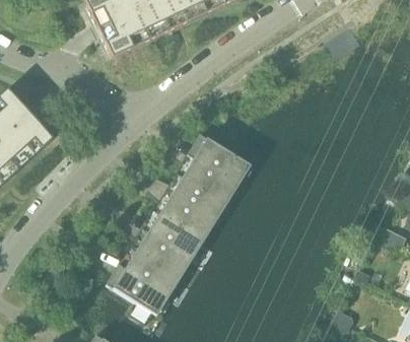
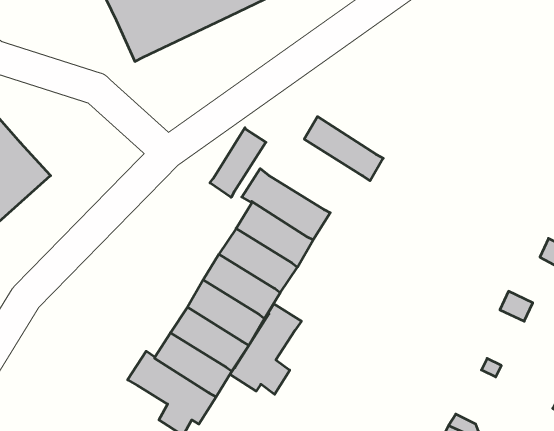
building: none -> [304,117,383,181]
building: none -> [210,128,266,197]
building: none -> [230,304,301,394]

